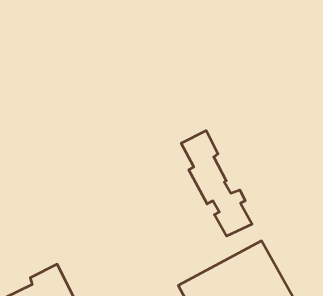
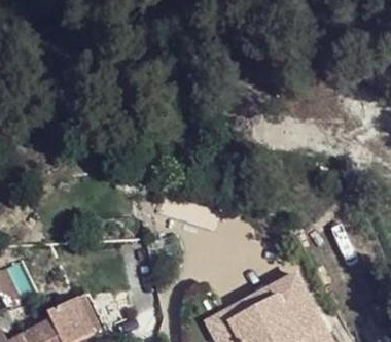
building: [181,131,252,236] -> none

